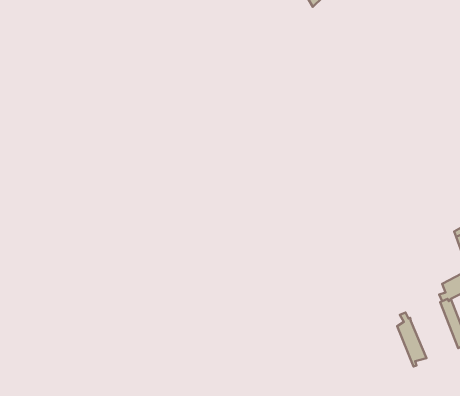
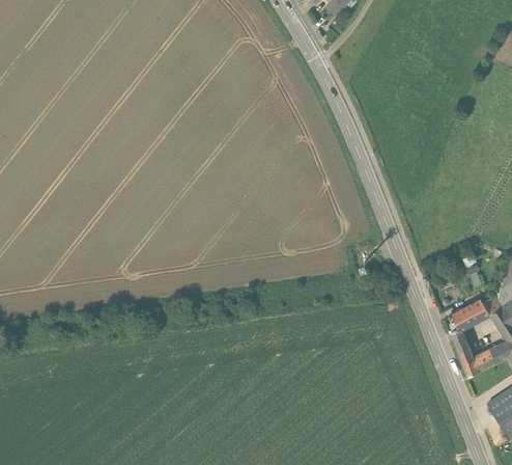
building: [397,312,426,366] -> none

